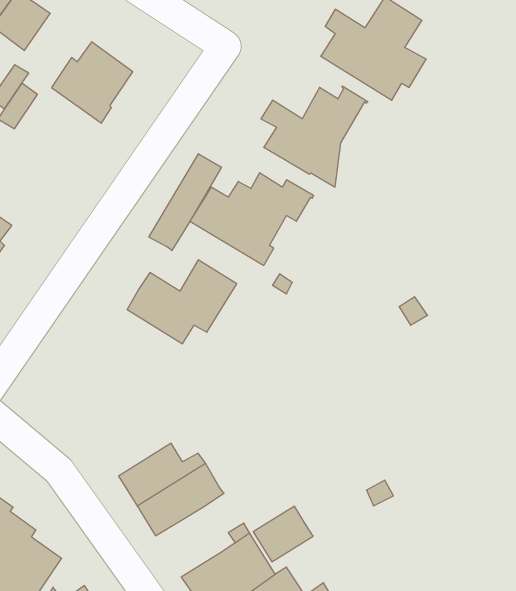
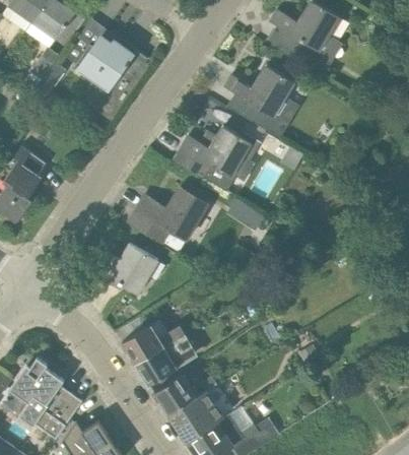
building: [149,154,221,251] -> none
building: none -> [92,242,156,292]
building: [253,506,313,562] -> [153,374,196,413]

